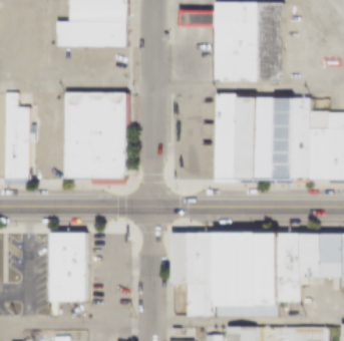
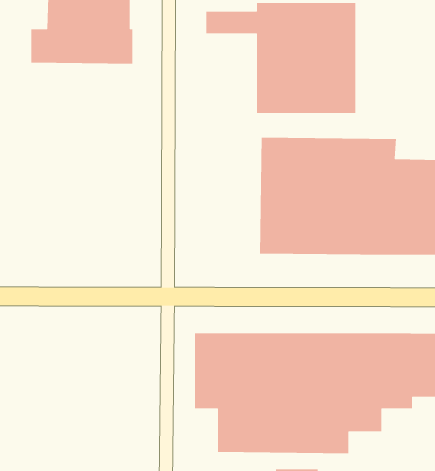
building: [65,91,131,184] -> none
building: [48,232,89,315] -> none

